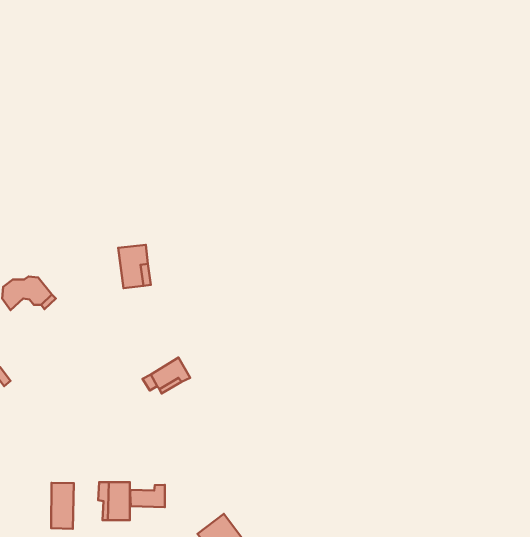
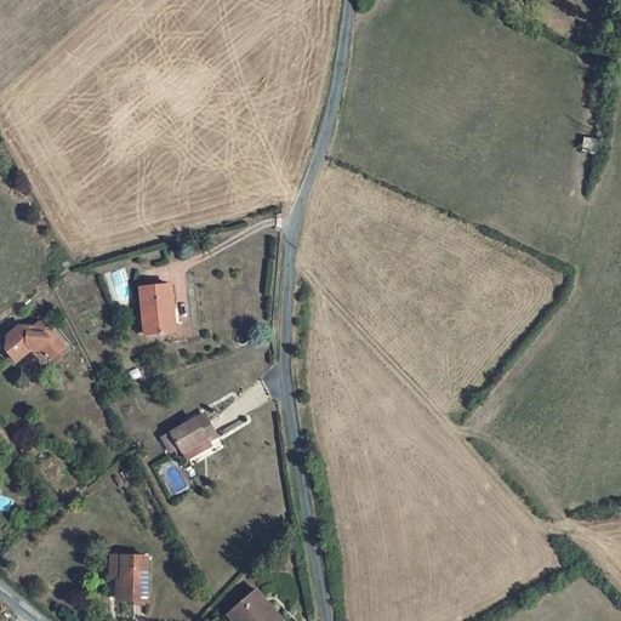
building: [51,483,74,529] -> none
building: [130,485,165,507] -> none

